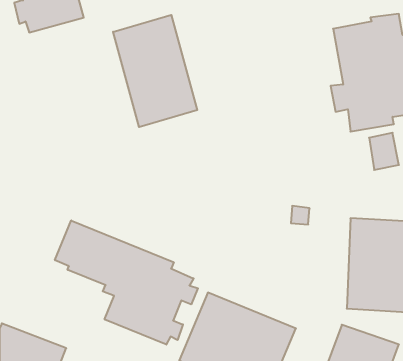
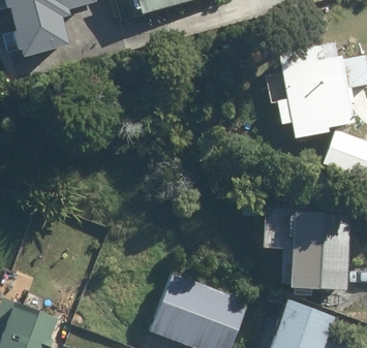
building: [113,15,197,127] -> none
building: [55,220,198,345] -> none

